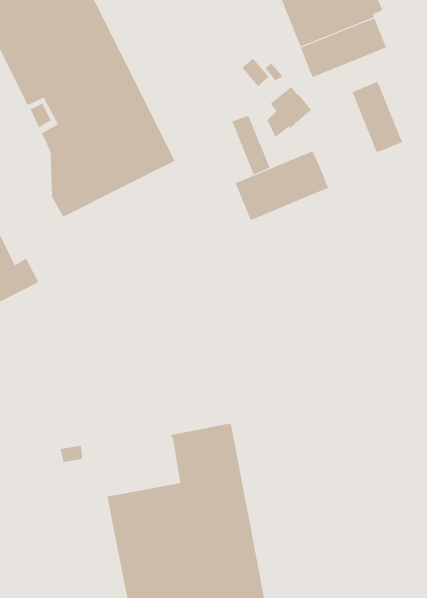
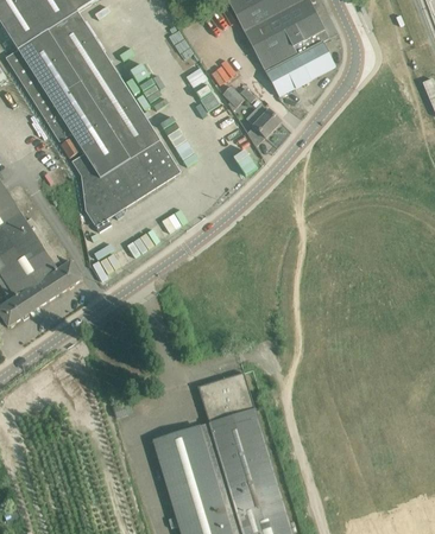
building: [352,81,403,153] -> none
building: [235,150,329,221] -> none

